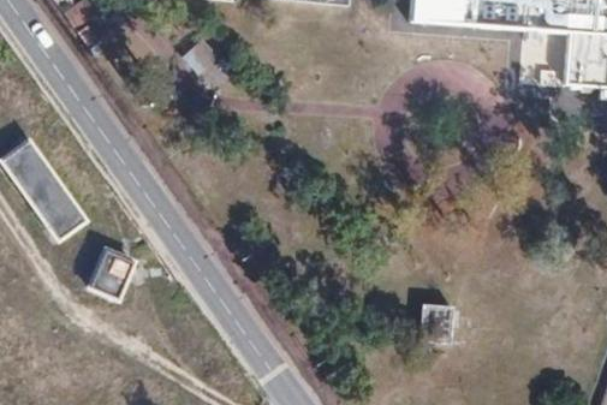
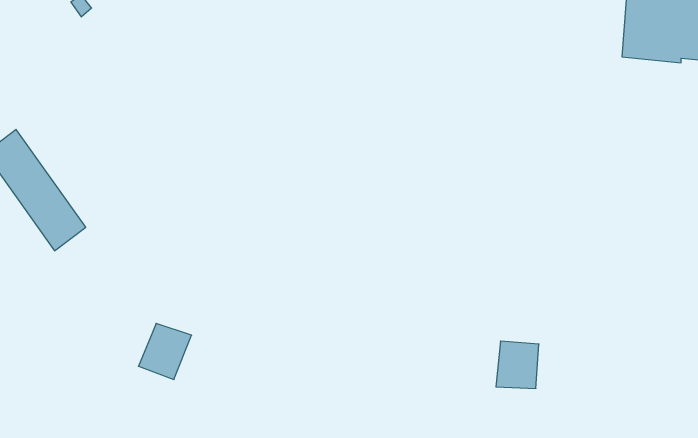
building: [87,246,130,292] -> [138,323,192,380]

